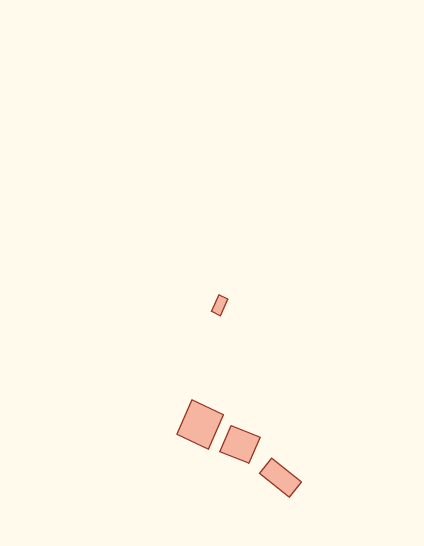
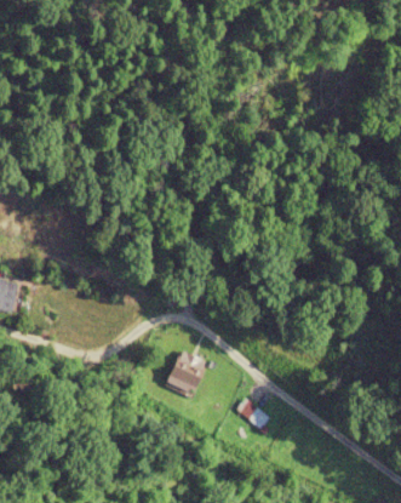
building: [220,426,260,463] -> none

